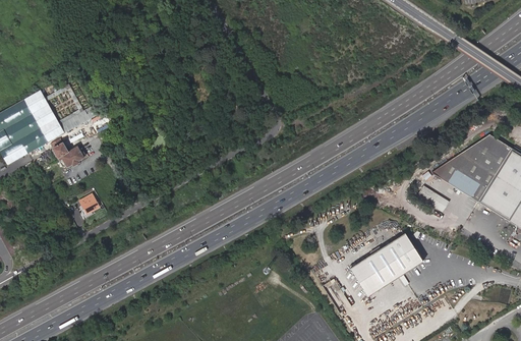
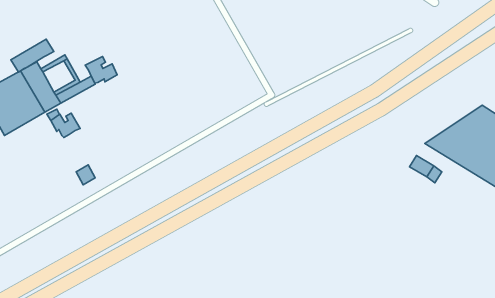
building: none -> [11,39,54,72]
building: none -> [85,57,117,83]
building: [349,232,422,295] -> none

